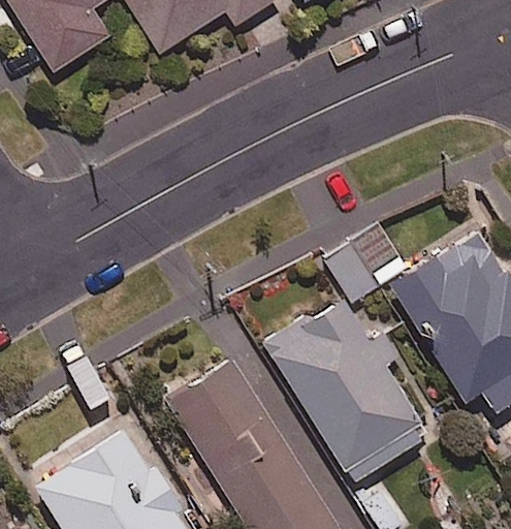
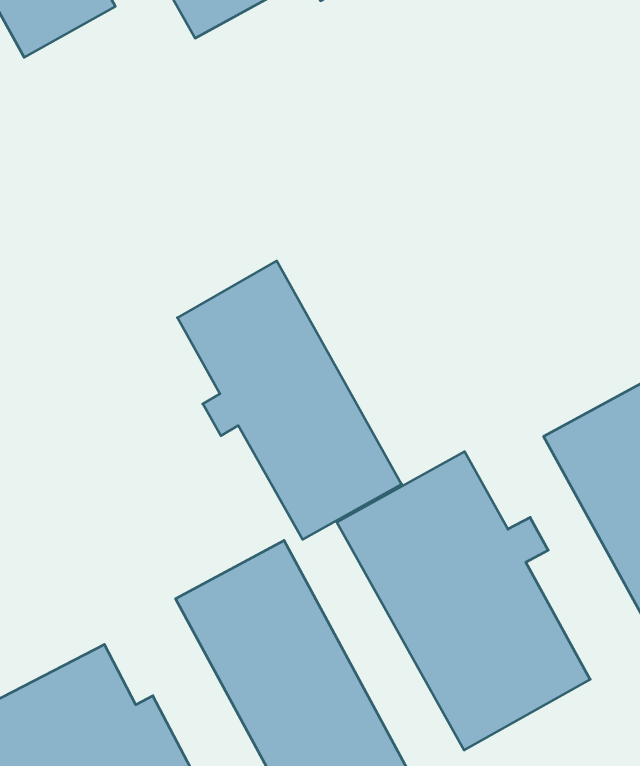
building: none -> [177,261,402,539]

